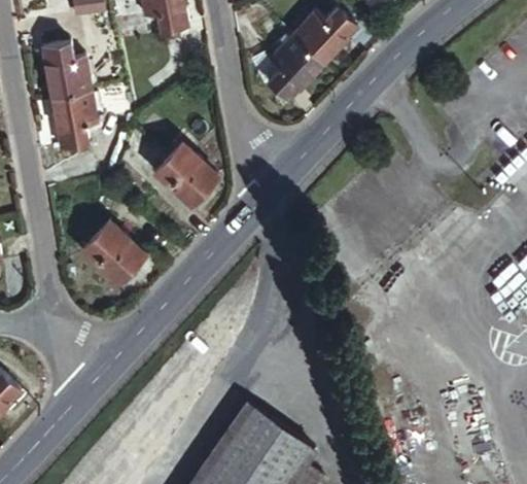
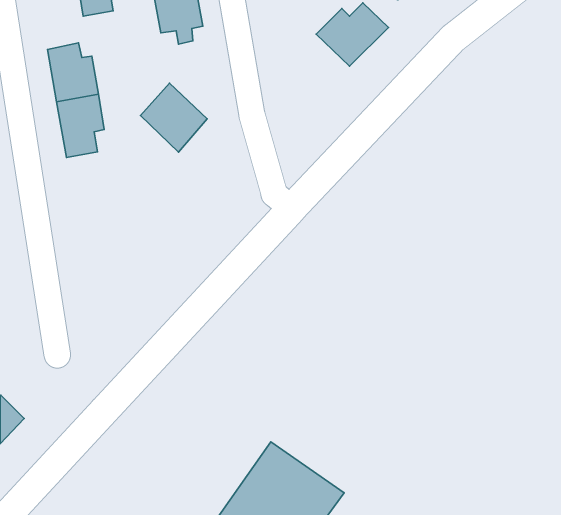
building: [266,33,324,100] -> none
building: [151,140,213,204] -> [141,83,207,152]
building: [81,219,144,281] -> none

